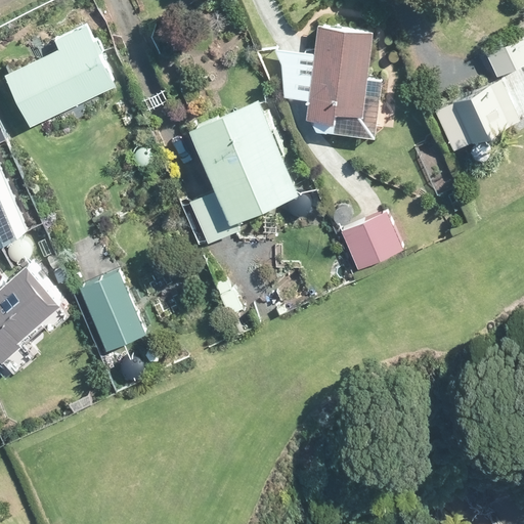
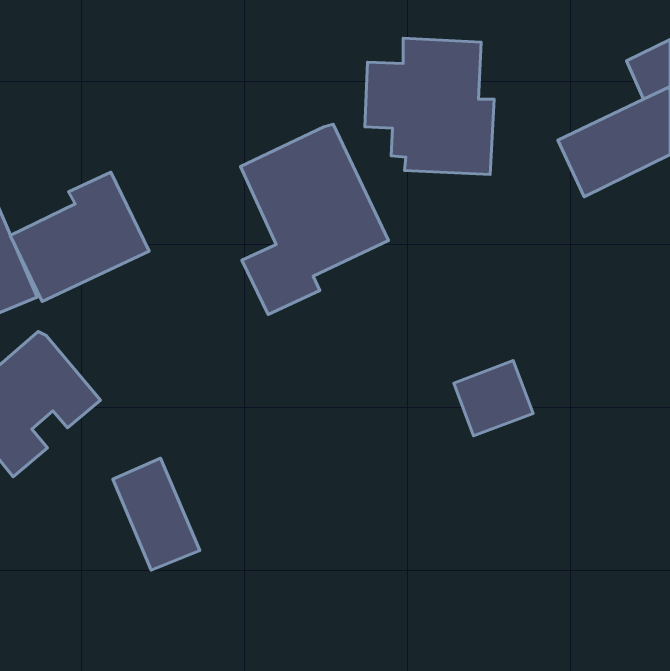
building: [8,24,116,124] -> [10,172,149,302]
building: [339,212,400,270] -> [454,361,533,436]
building: [78,265,145,352] -> [113,458,200,570]

